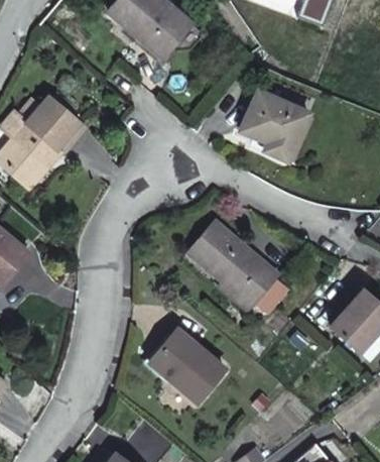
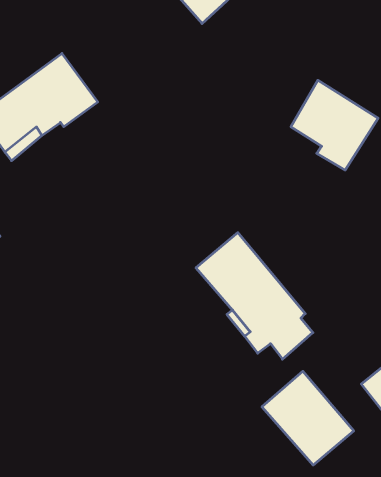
building: [151,332,226,405] -> [262,371,354,465]

